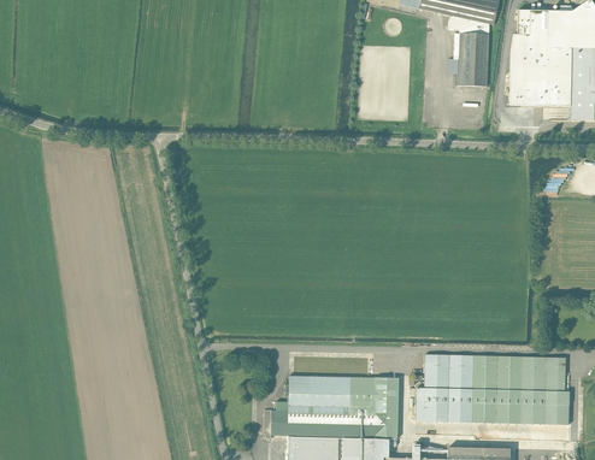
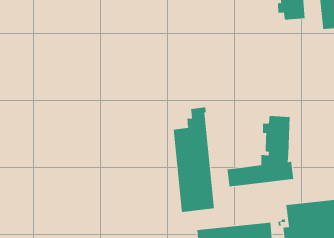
building: none -> [173,107,214,213]
building: none -> [227,115,294,187]

